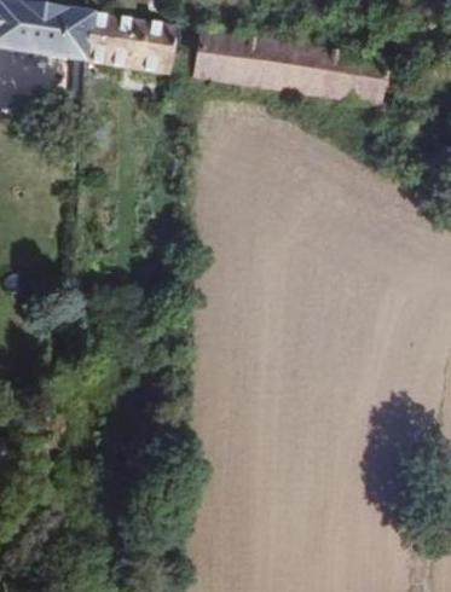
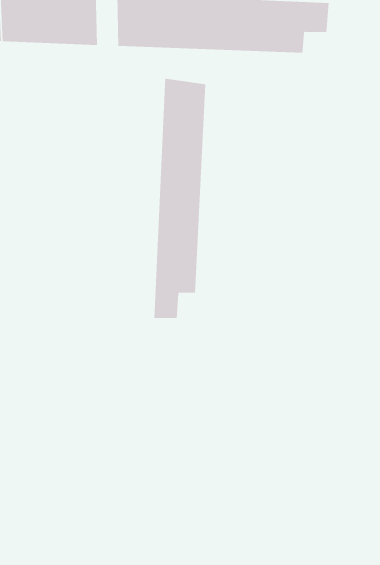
building: none -> [154,78,206,319]

